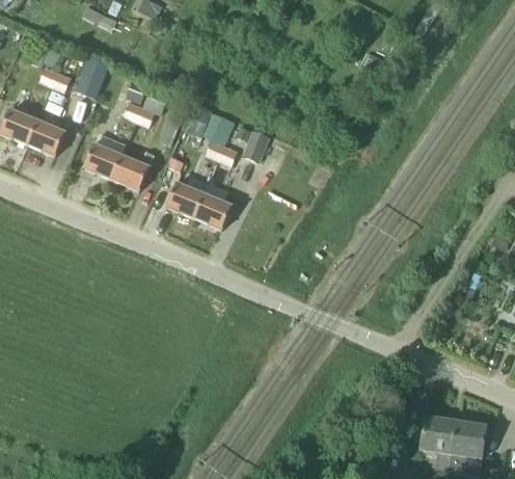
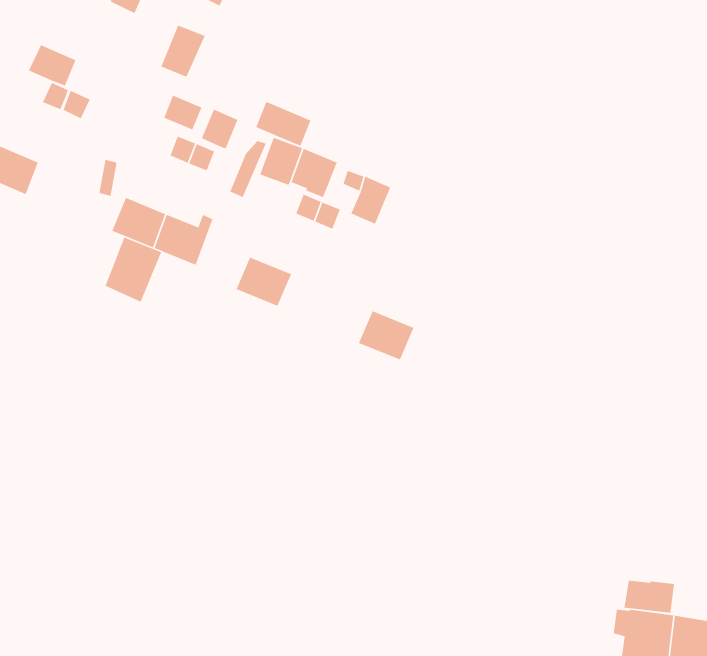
building: [79,58,109,94] -> [160,24,206,78]
building: none -> [255,101,311,147]
building: [28,121,64,154] -> none
building: none -> [104,237,162,303]
building: [194,194,232,228] -> [358,310,415,361]
building: none -> [624,580,675,614]

